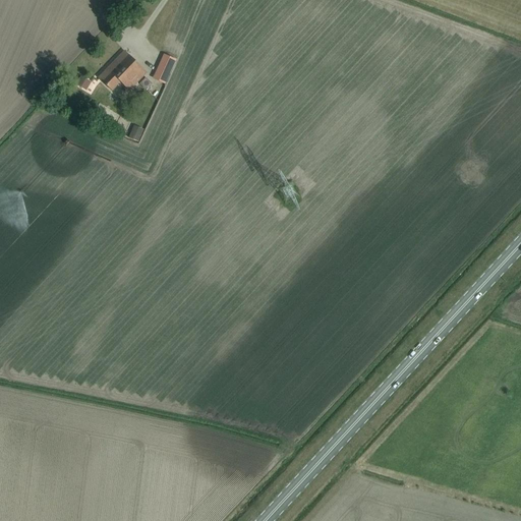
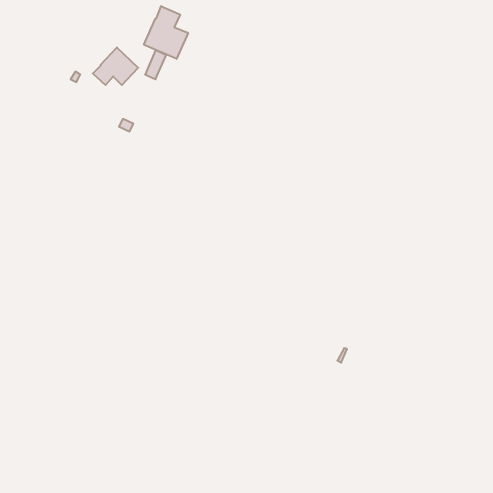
building: none -> [144,6,188,59]

